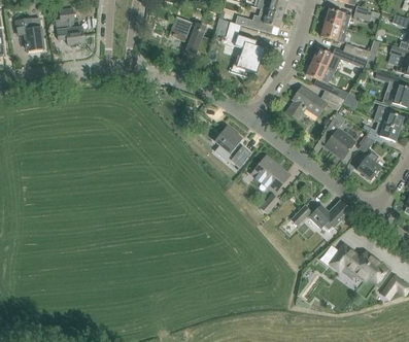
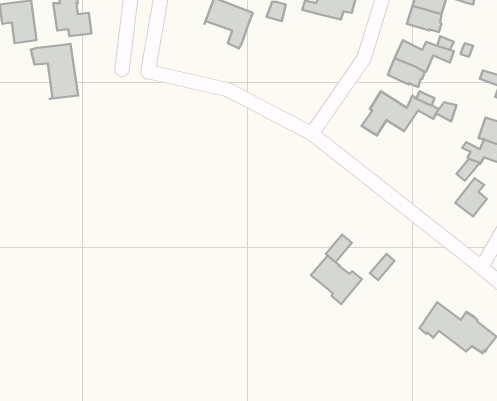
building: [231,34,265,75] -> none
building: none -> [31,44,78,99]
building: [325,117,355,158] -> none
building: [211,125,250,167] -> none
building: [252,157,291,193] -> [311,256,362,304]
building: [312,200,352,232] -> none

